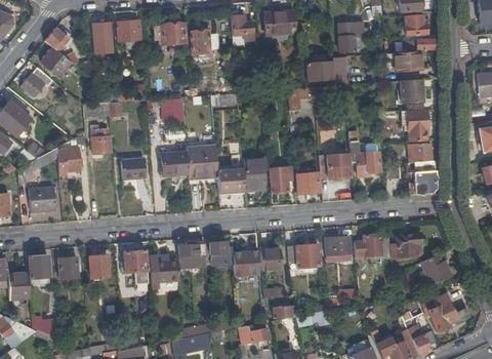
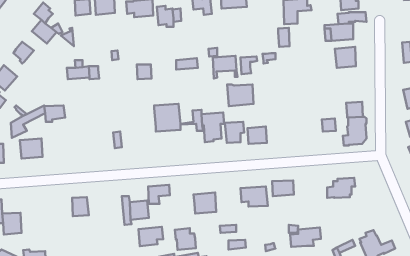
building: [305,62,334,88] -> [213,56,237,78]
building: [404,110,427,143] -> none
building: [91,125,113,154] -> none
building: [161,151,189,175] -> none
building: [355,152,378,176] -> none
building: [319,154,350,180] -> [227,85,253,106]
building: [121,157,147,180] -> none
building: [217,169,245,192] -> none
building: [354,233,389,255] -> [290,228,321,247]
building: [209,240,234,266] -> [175,228,196,250]
building: [260,248,283,270] -> none
building: [124,250,148,272] -> none
building: [419,252,452,286] -> none
building: [30,254,50,278] -> none
building: [59,257,80,279] -> none
building: none -> [139,227,163,246]

